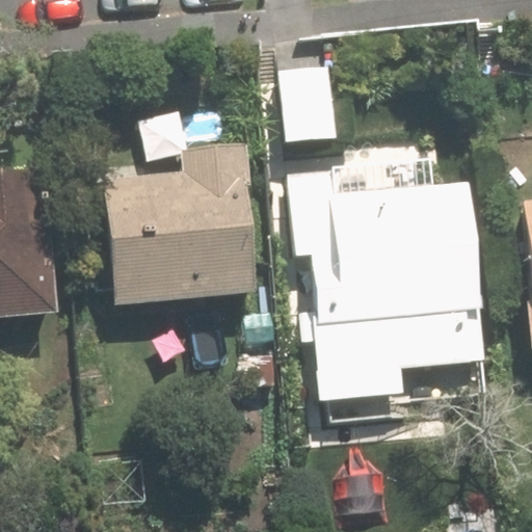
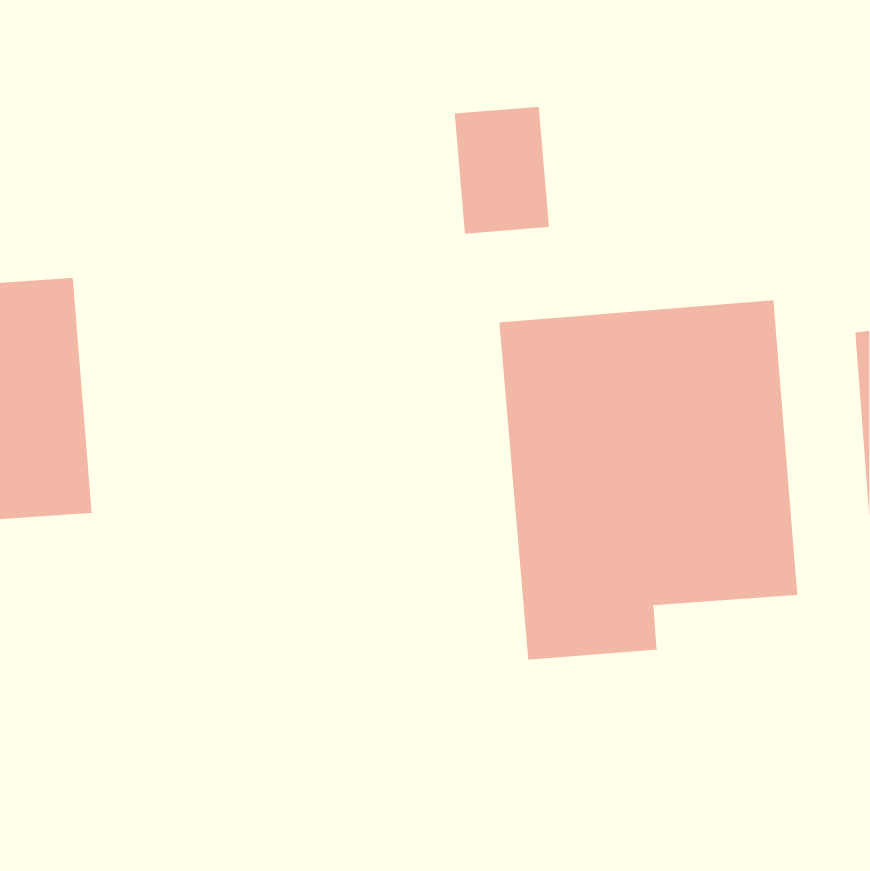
building: [104,147,258,303] -> none

